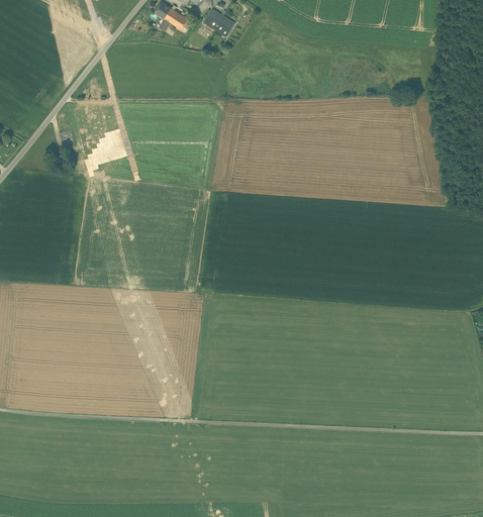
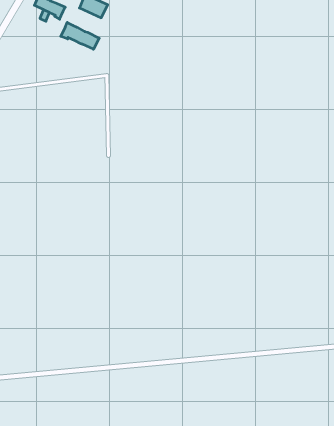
building: none -> [61,22,99,49]

